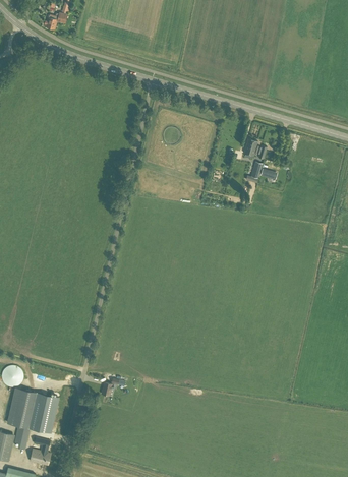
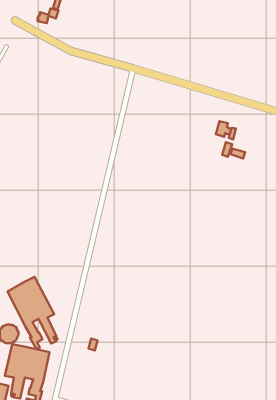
building: none -> [7,277,57,349]

